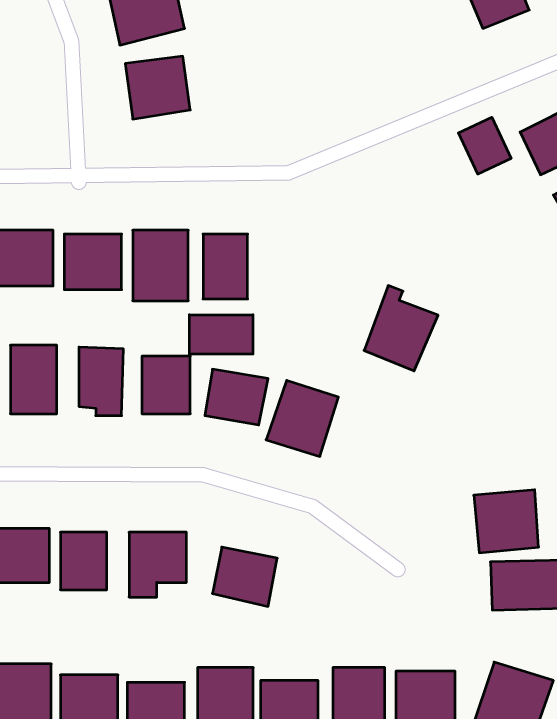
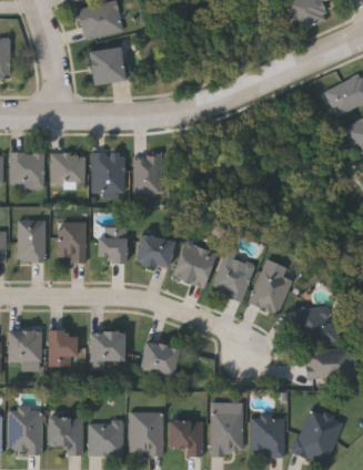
building: [458,117,511,174] -> none
building: [364,286,438,371] -> [210,248,254,299]
building: [189,315,253,354] -> none
building: none -> [248,266,291,314]

